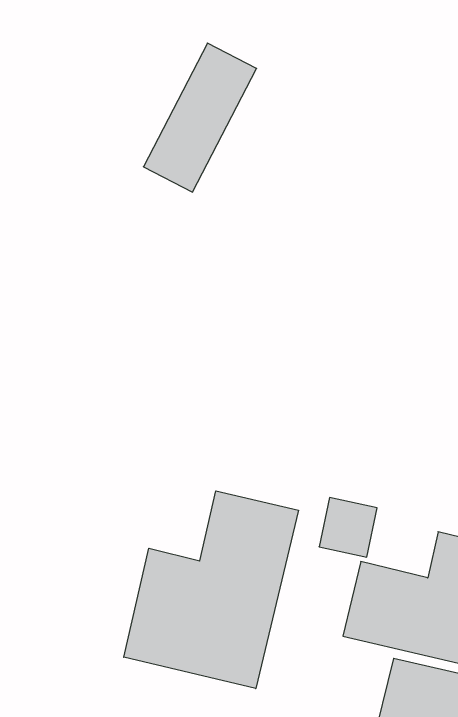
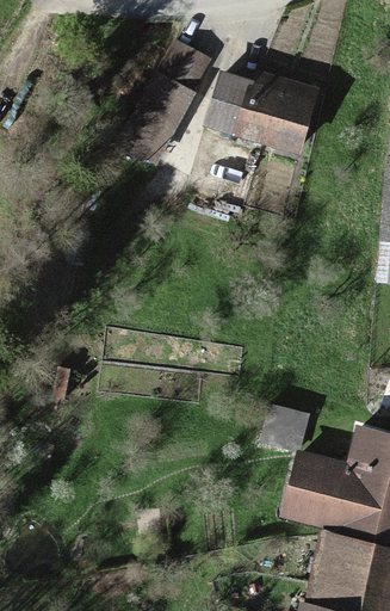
building: none -> [206,73,320,149]
building: [124,491,298,689] -> none

